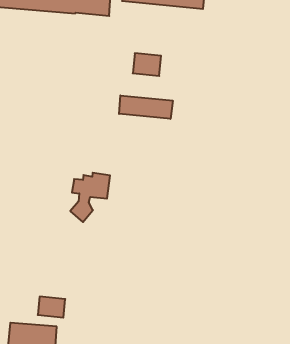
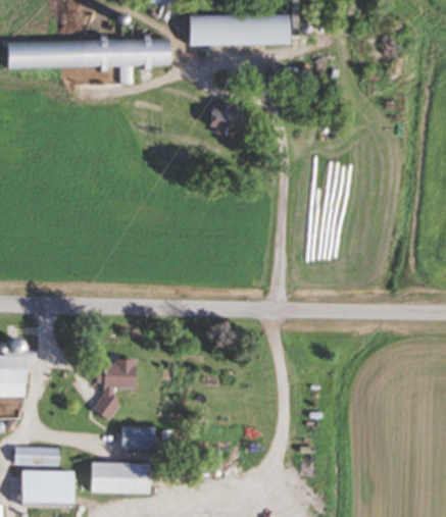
building: [119,95,173,119] -> none
building: [70,173,110,222] -> [92,359,138,422]

